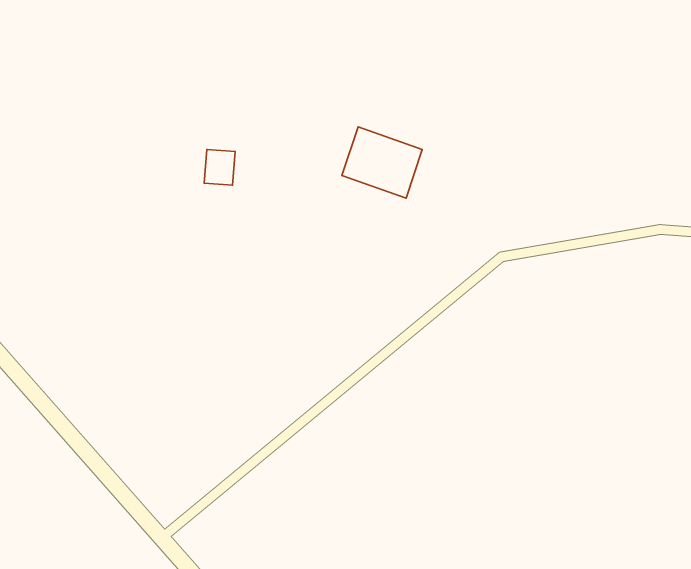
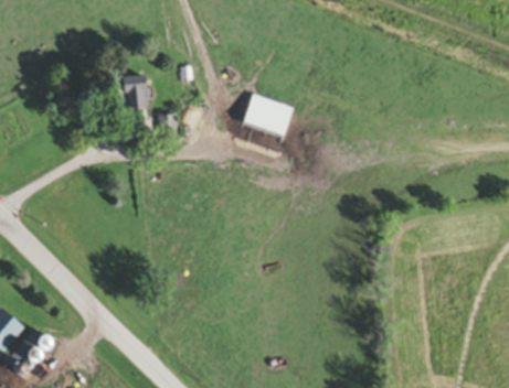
building: none -> [125,77,146,111]

